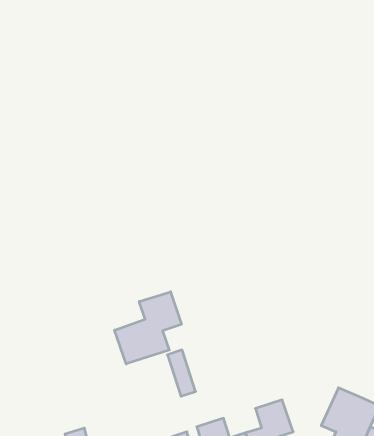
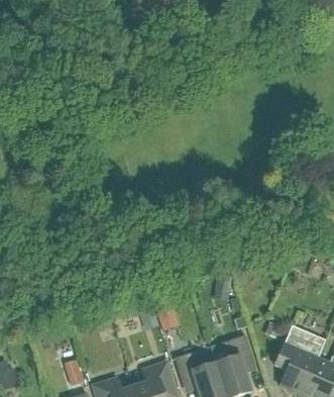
building: [115,292,181,364] -> none

